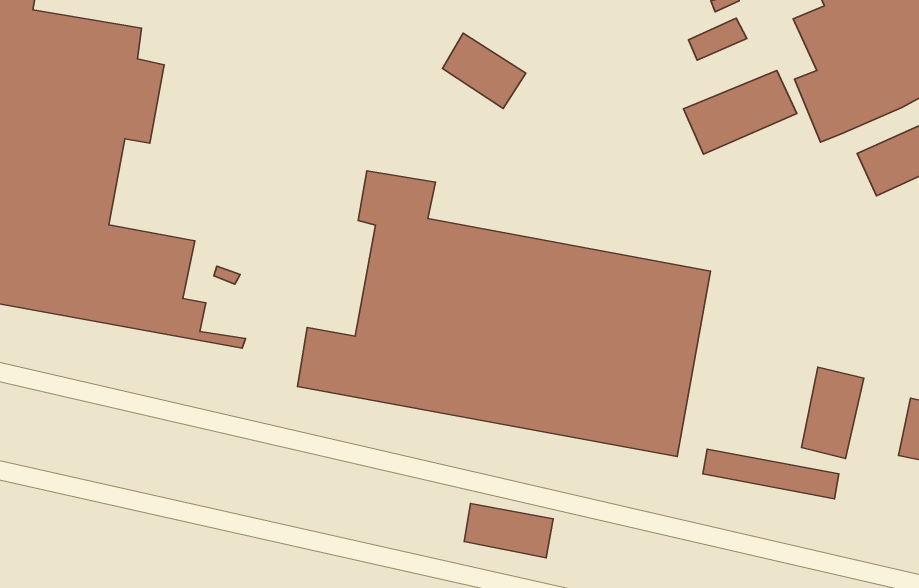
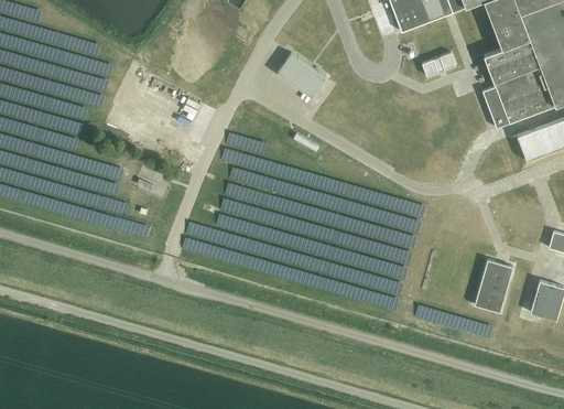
building: [683,70,797,154] -> none
building: [464,504,553,558] -> none

